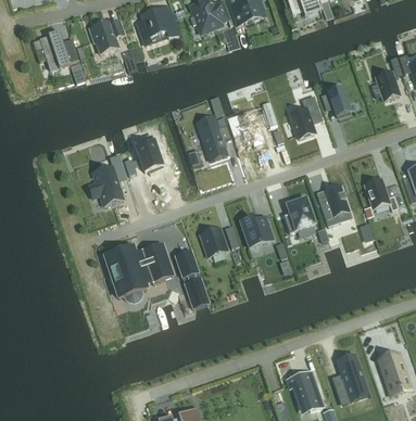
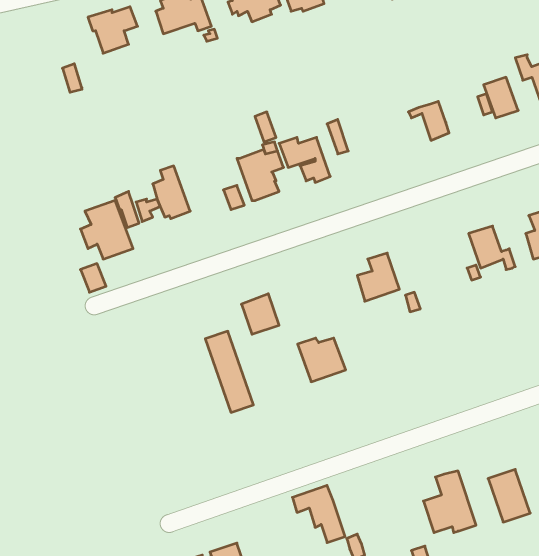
building: [33,33,78,67] -> none
building: [289,94,320,138] -> none
building: [318,184,349,225] -> none
building: [239,215,274,246] -> [298,338,346,382]
building: [104,242,173,299] -> none
building: [285,369,323,410] -> [292,485,345,543]

